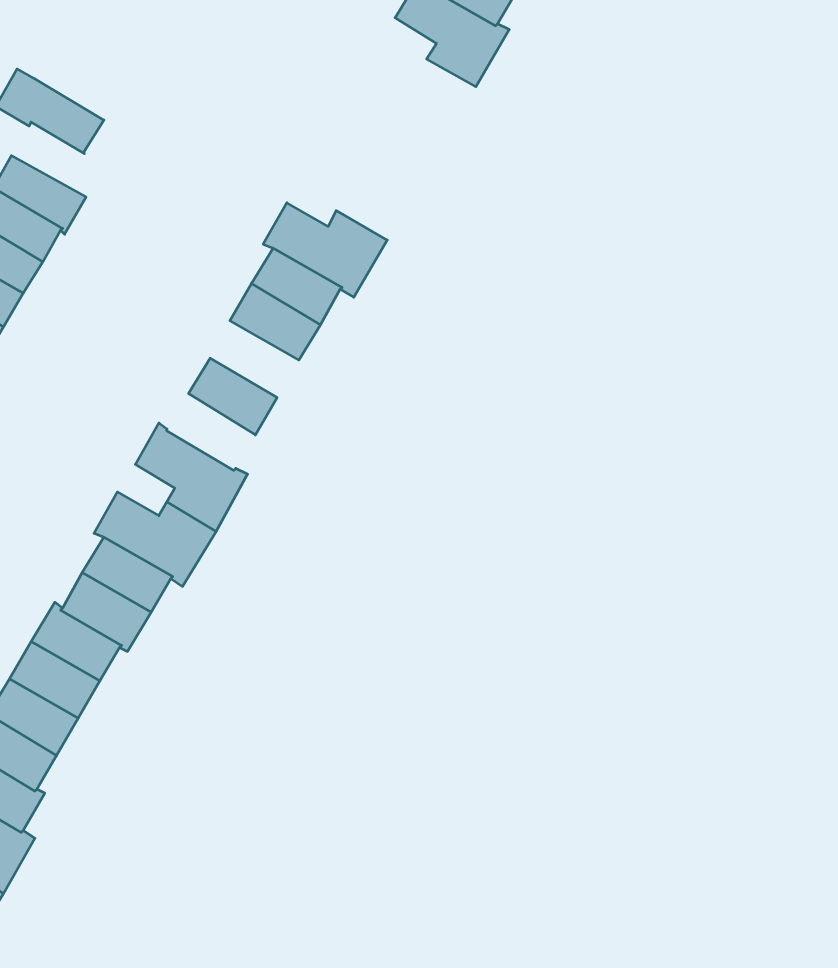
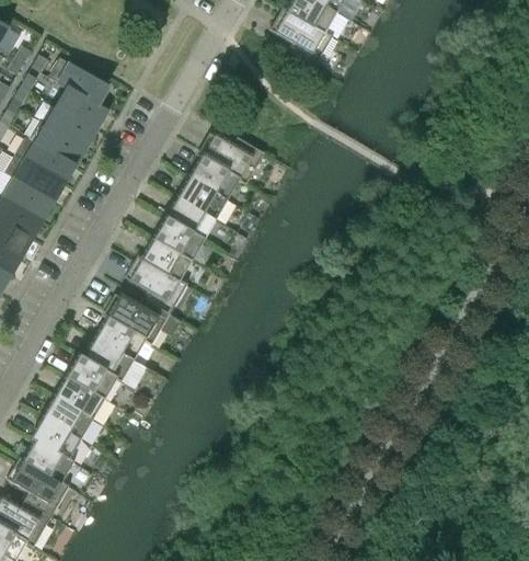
building: none -> [56,88,108,129]
building: none -> [166,198,216,241]
building: none -> [142,239,192,282]

